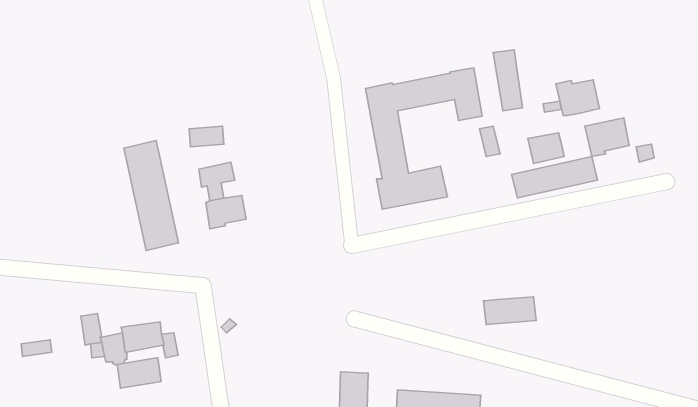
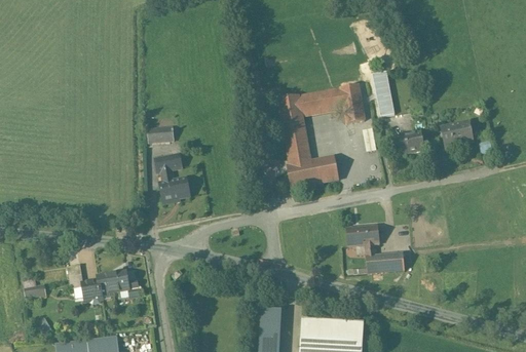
building: [556,80,599,116] -> none
building: [124,140,179,250] -> none
building: [512,157,598,198] -> none
building: none -> [346,225,378,256]
building: [117,358,161,388] -> none

